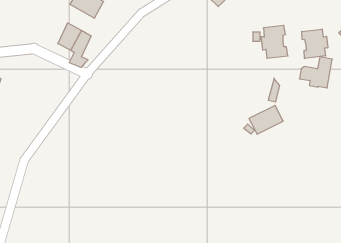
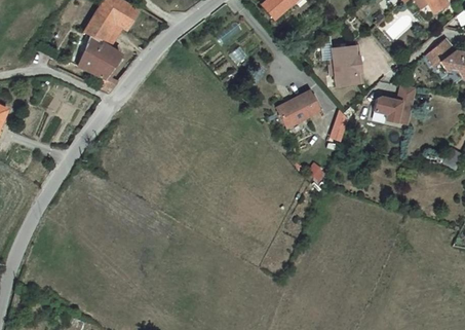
building: none -> [81,14,123,50]
building: [302,29,328,59] -> none
building: [249,105,283,134] -> [280,89,323,125]

